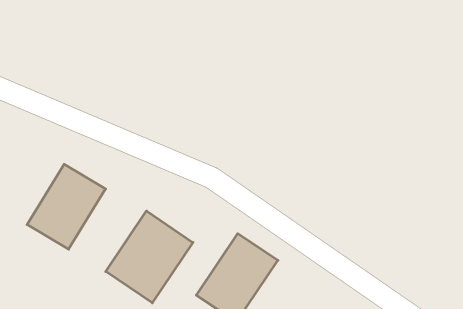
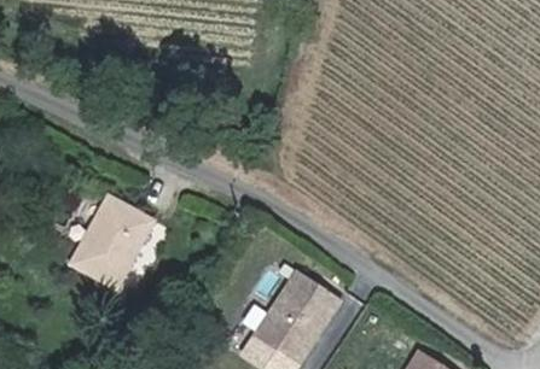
building: [106,211,193,303] -> none

